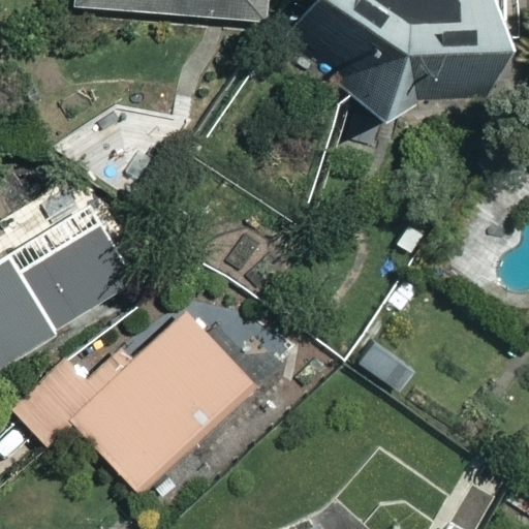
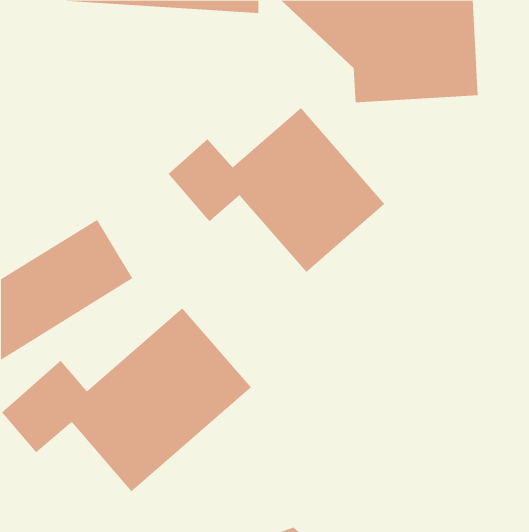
building: none -> [168,107,385,273]

